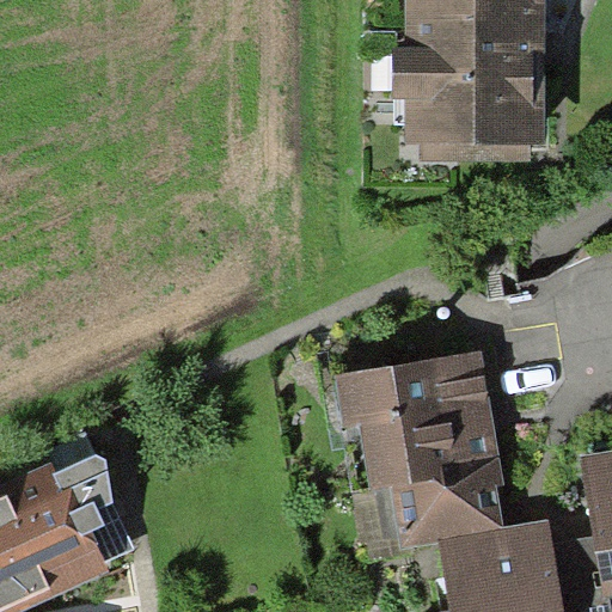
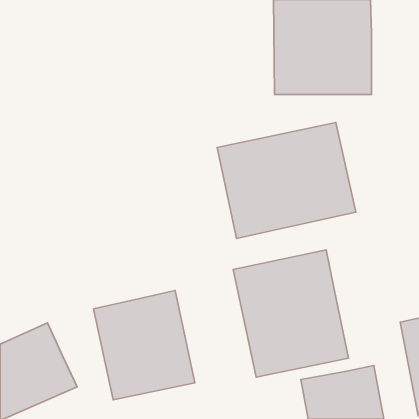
building: none -> [217,122,356,238]
building: none -> [93,291,195,400]

